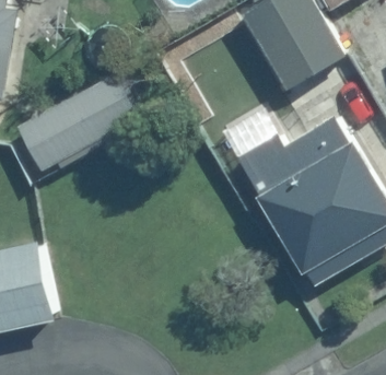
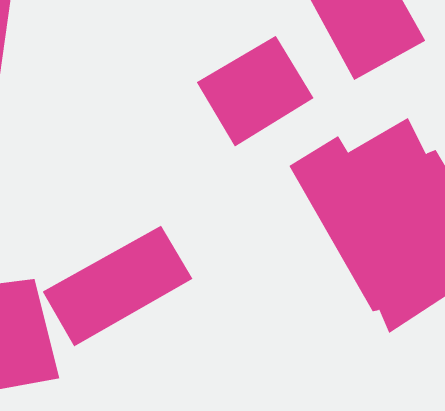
building: none -> [196,35,314,147]
building: [20,73,139,169] -> [42,225,194,347]

